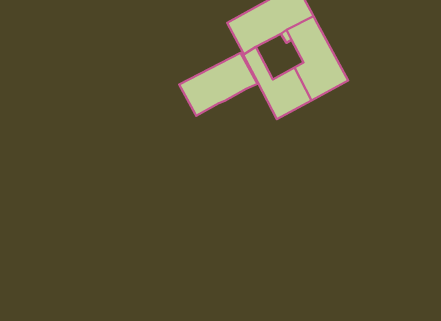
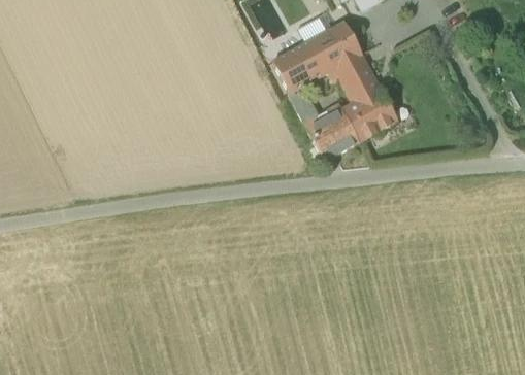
building: [179,53,258,116] -> none

